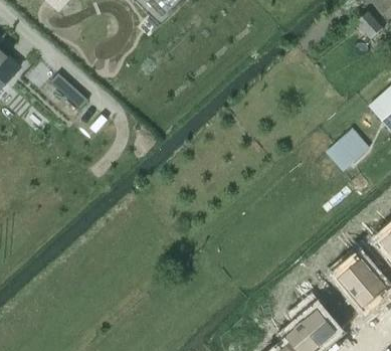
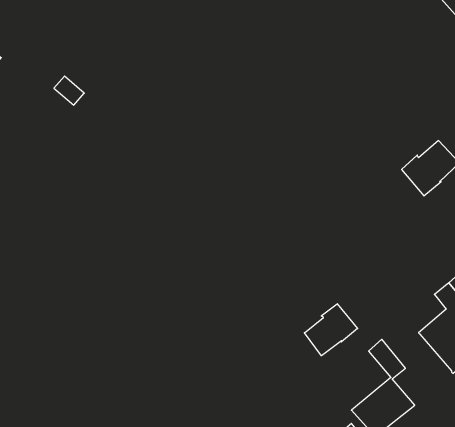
building: none -> [304,304,358,356]

